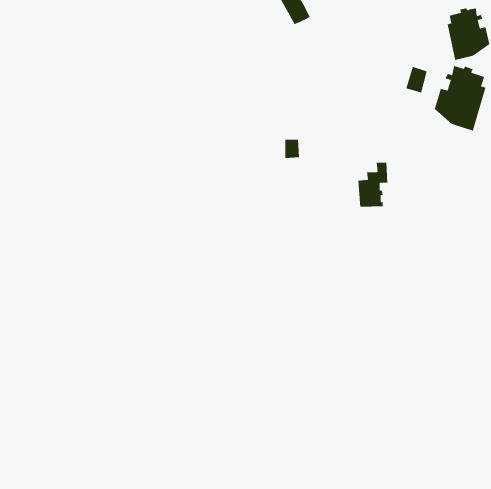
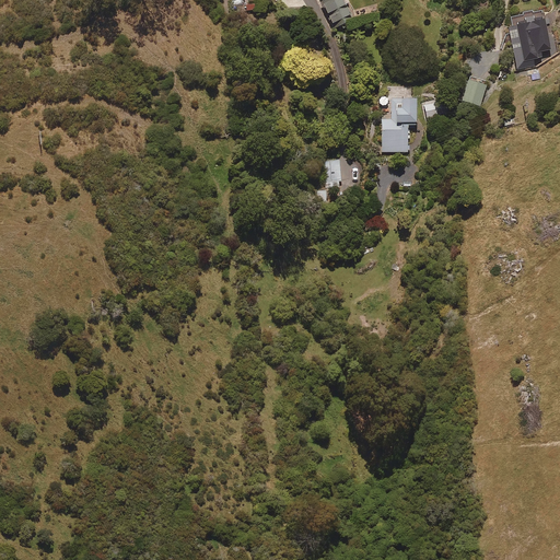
building: [434,65,486,132] -> none
building: [357,162,388,207] -> [381,100,416,151]

